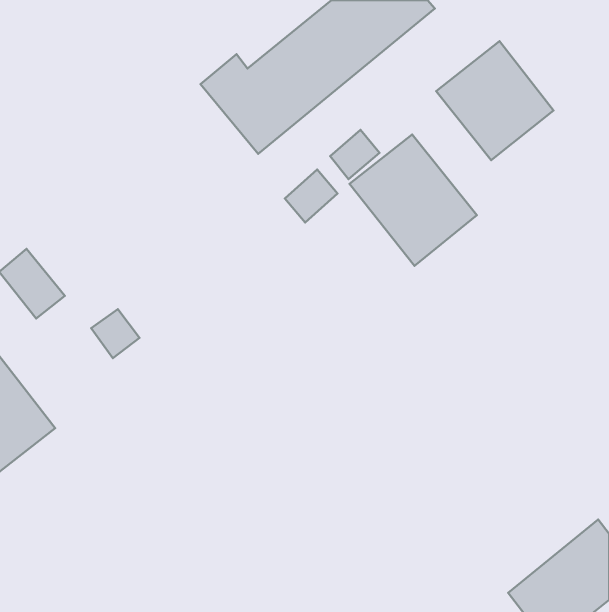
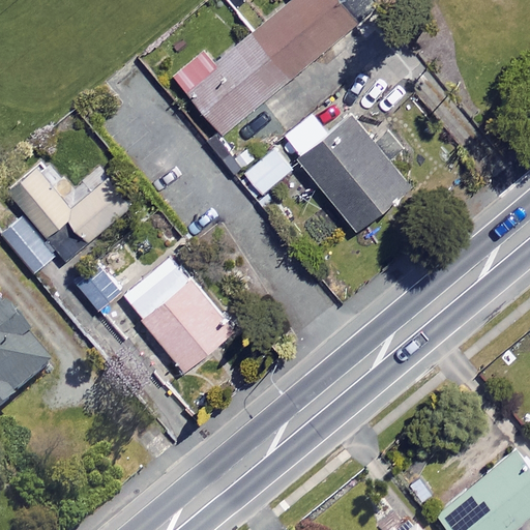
building: [436,41,553,160] -> none
building: none -> [8,167,130,259]
building: none -> [124,256,233,371]

